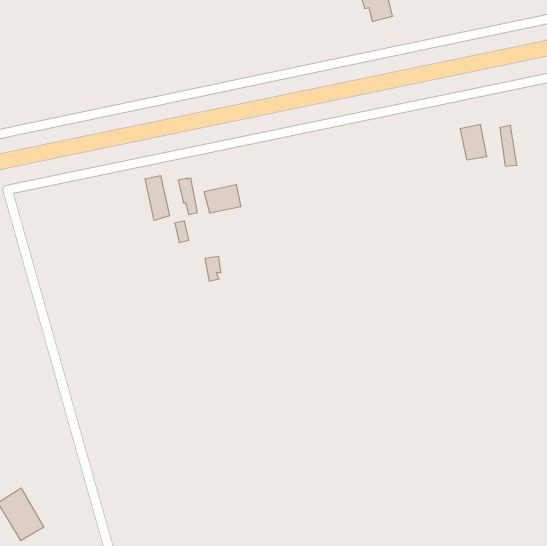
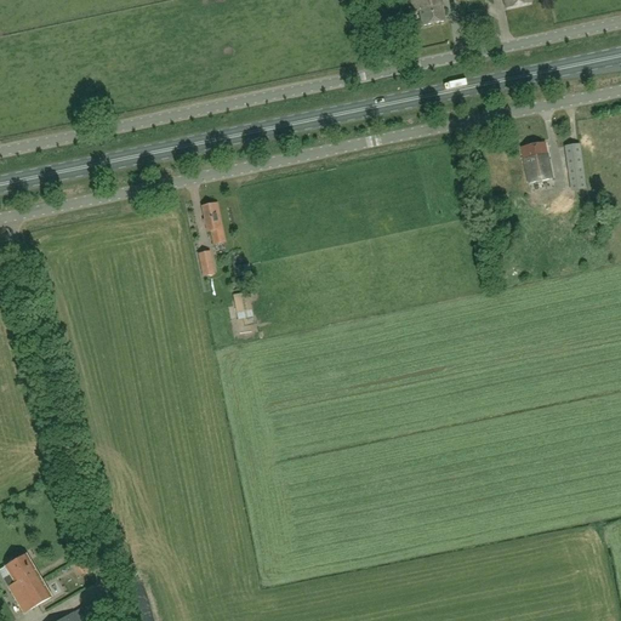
building: [145,176,169,220] -> none
building: [204,184,241,213] -> none

